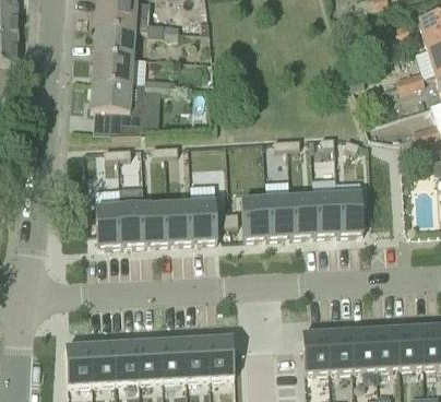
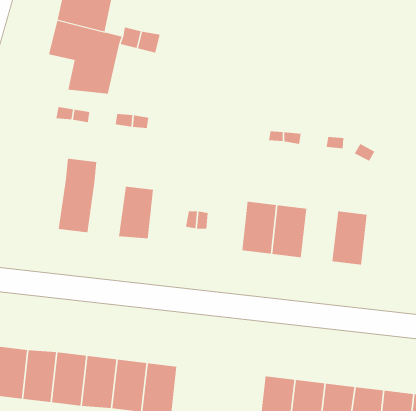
building: [312,192,338,234] -> none
building: [240,197,266,237] -> none
building: [190,199,216,239] -> none
building: [143,201,168,243] -> none
building: [95,203,120,245] -> none

